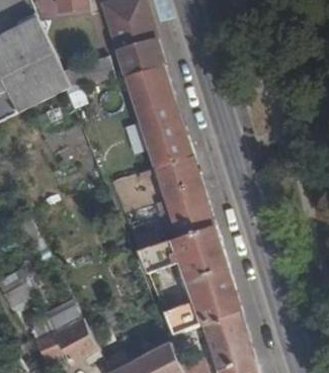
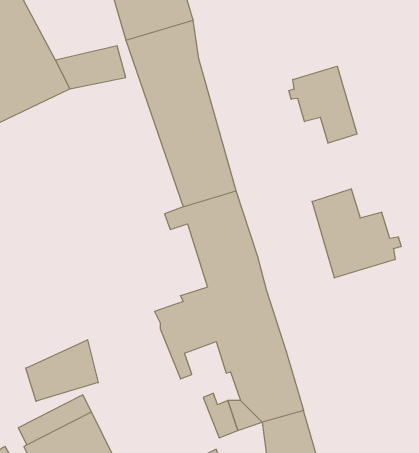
building: none -> [289,66,357,143]
building: none -> [312,189,401,278]
building: none -> [26,340,98,401]

